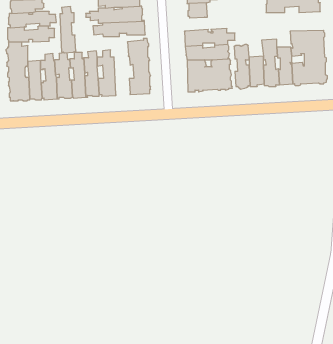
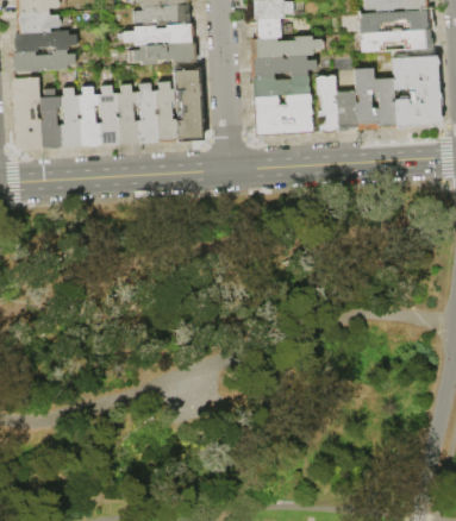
building: [60,7,76,53] -> [156,80,177,142]
building: none -> [361,30,433,51]
building: none -> [250,34,323,56]

